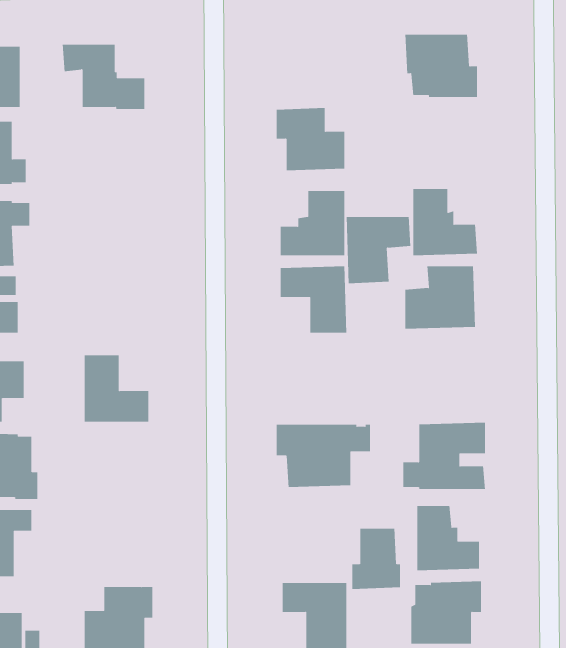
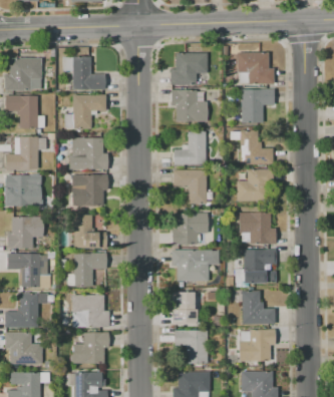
building: none -> [171,52,208,85]
building: none -> [65,95,107,128]
building: none -> [69,138,108,169]
building: [346,216,411,284] -> [242,89,275,123]
building: none -> [73,174,108,206]
building: none -> [240,212,278,245]
building: none -> [173,213,209,245]
building: none -> [67,253,107,287]
building: none -> [73,296,110,327]
building: [351,528,401,589] -> [173,292,198,323]

